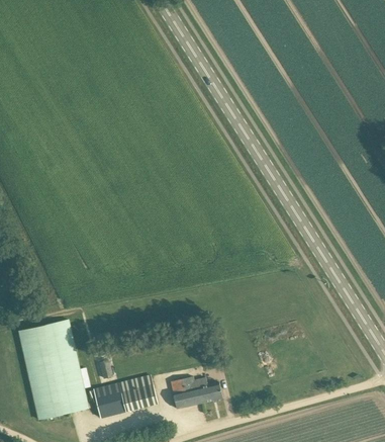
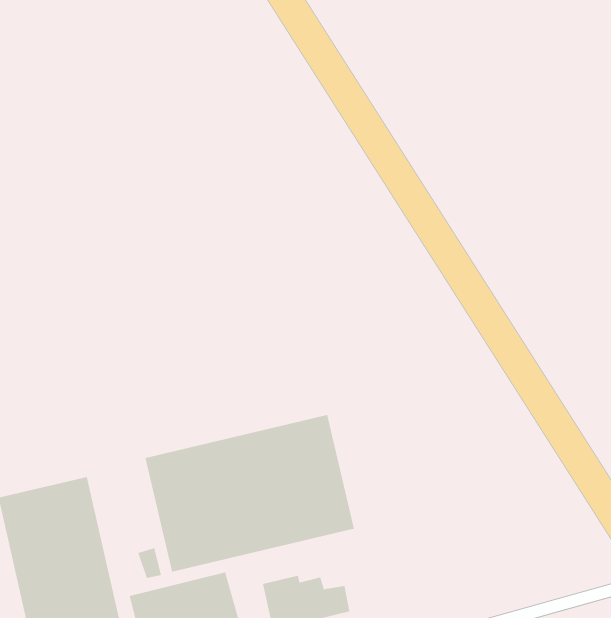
building: none -> [145,414,355,572]

